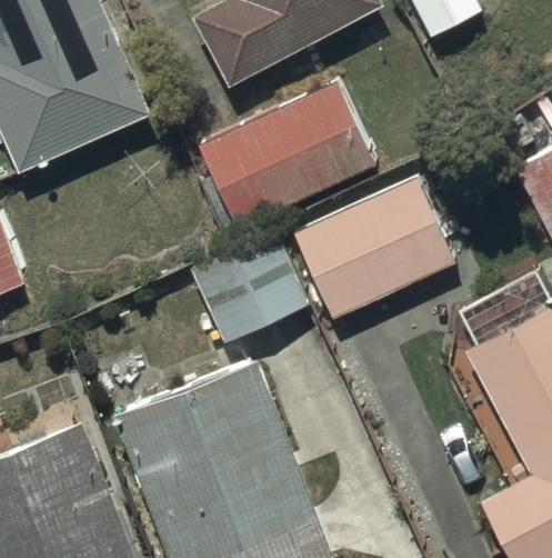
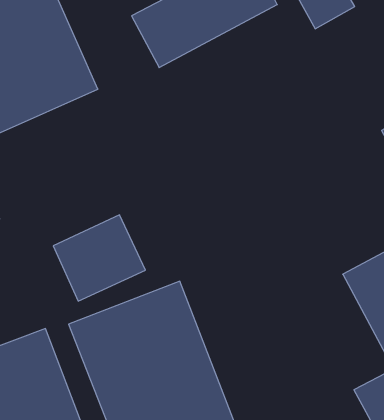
building: [199,83,373,229] -> none
building: [294,178,455,319] -> none
building: [191,229,310,340] -> [53,215,145,301]

